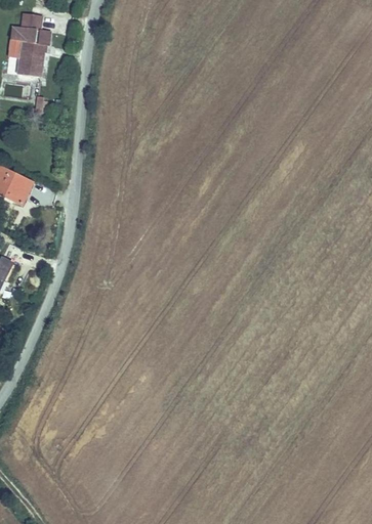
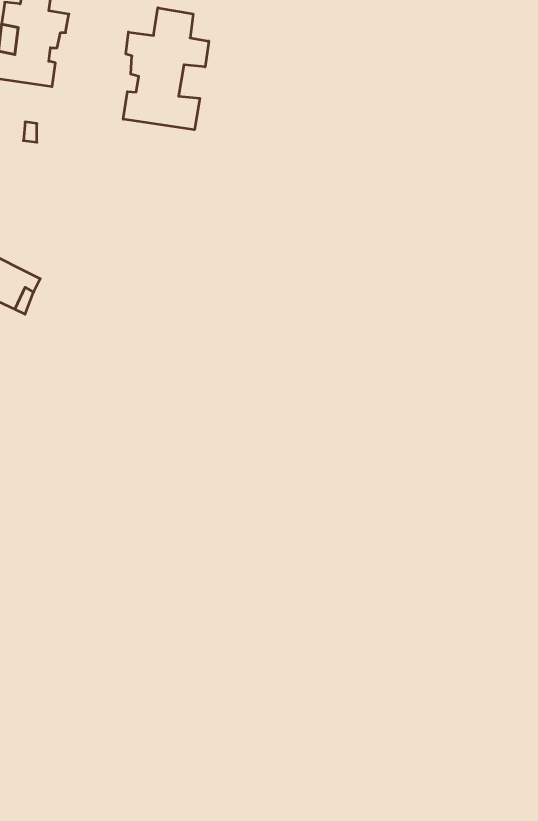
building: none -> [123,8,209,130]

